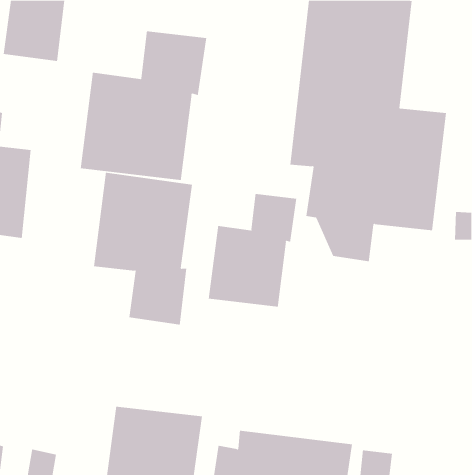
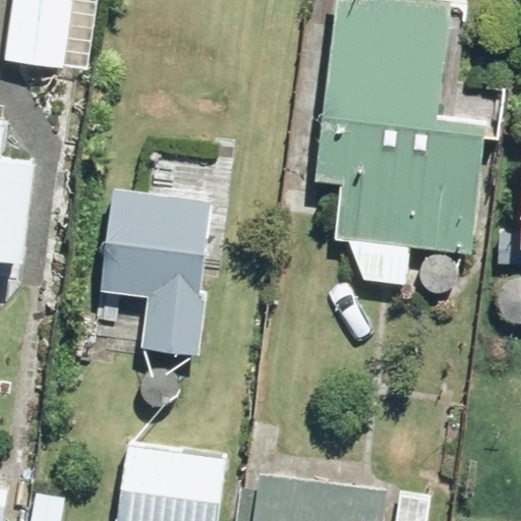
building: [80,30,207,181] -> none
building: [208,193,297,307] -> none

